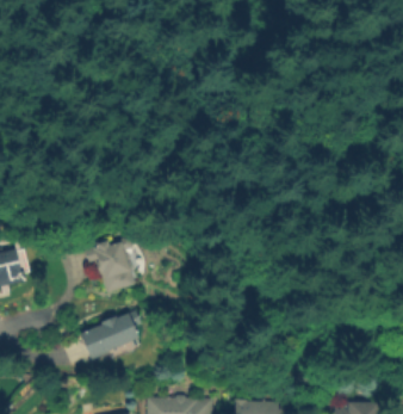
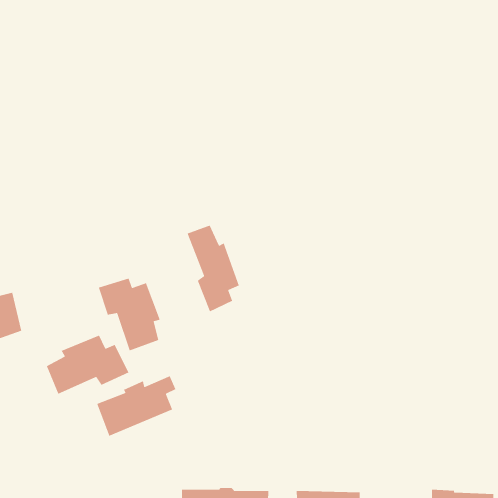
building: none -> [186,224,240,312]
building: none -> [46,334,130,395]

